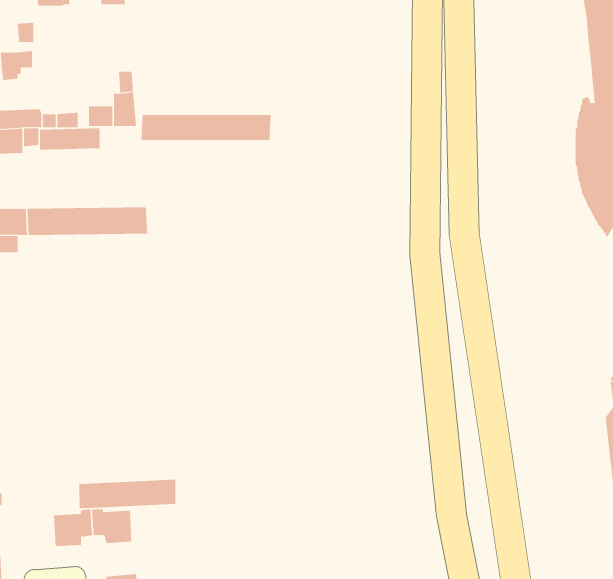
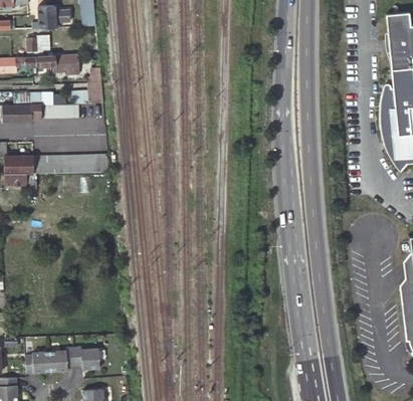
building: none -> [36,54,78,73]
building: [141,114,271,141] -> none
building: [79,479,176,509] -> none
building: none -> [26,351,50,372]

